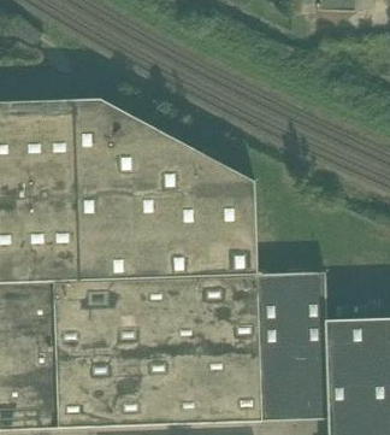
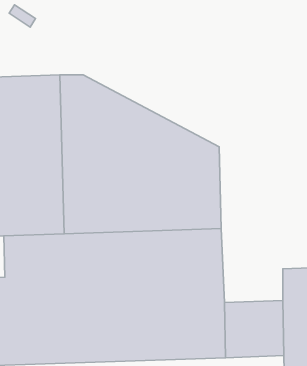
building: [258,272,327,359] -> none

